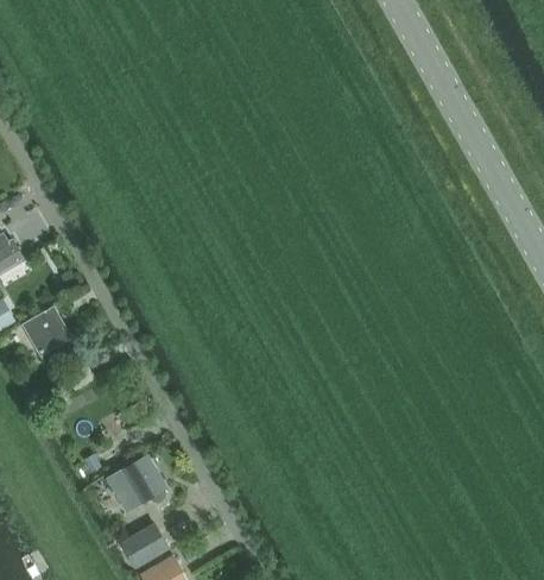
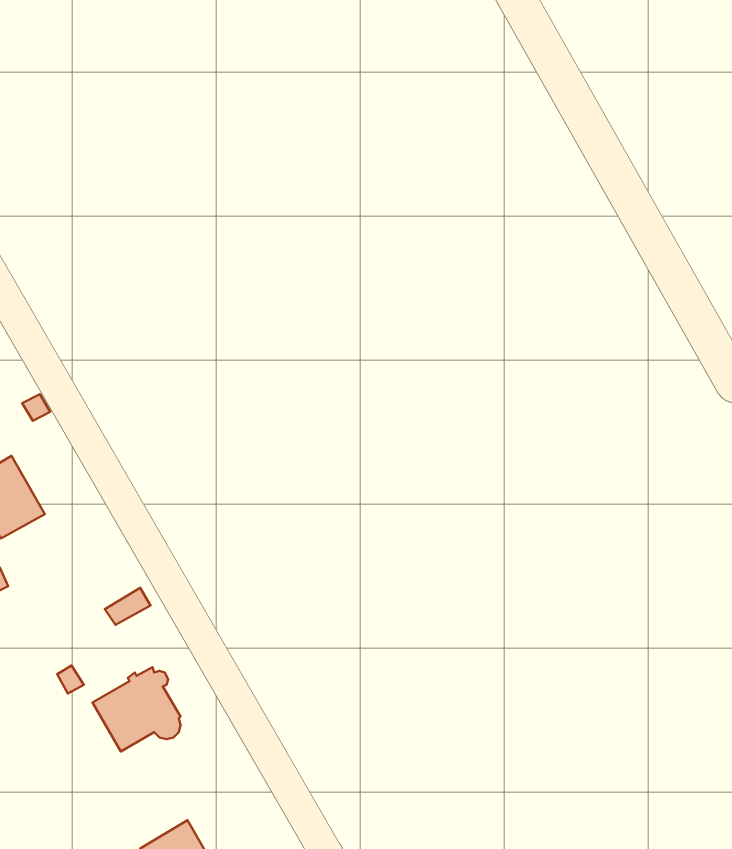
building: [121,528,166,569] -> none

